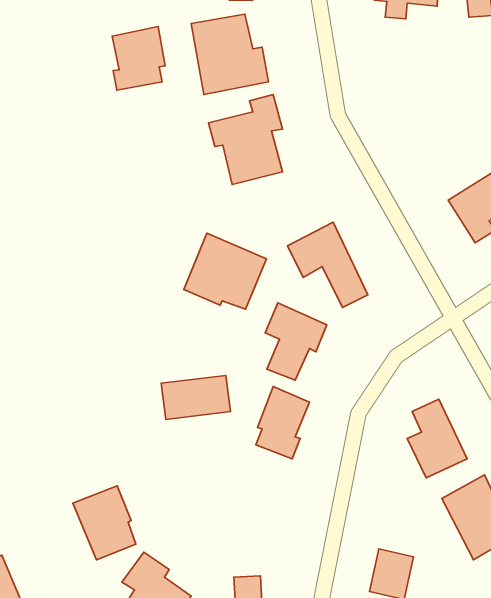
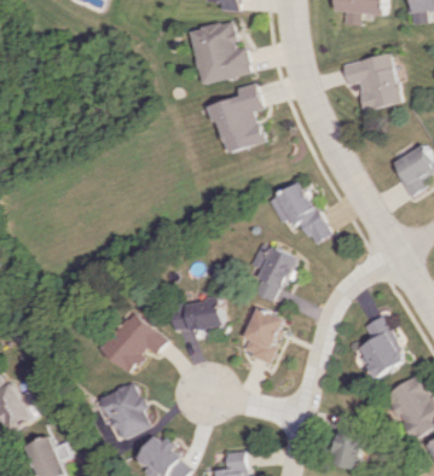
building: [112,26,165,90] -> none
building: none -> [340,52,399,110]
building: [184,233,266,309] -> none
building: none -> [103,310,168,372]

